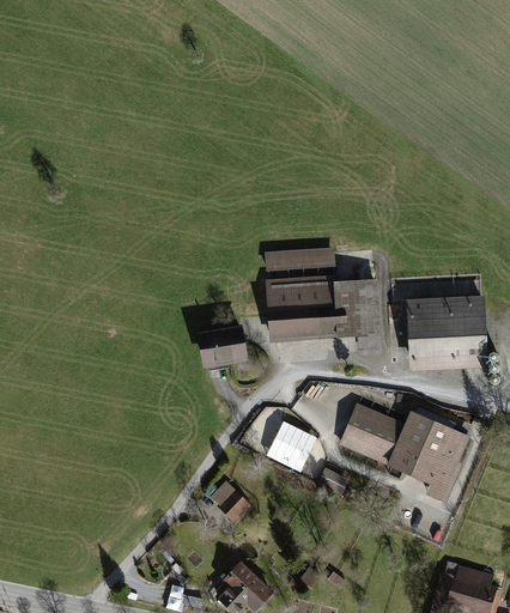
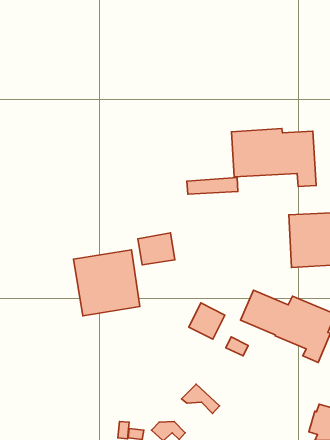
building: [266,274,383,354] -> [232,129,316,186]
building: none -> [74,250,140,316]
building: [211,480,251,523] -> none
building: [219,559,272,600] -> [182,384,220,413]

